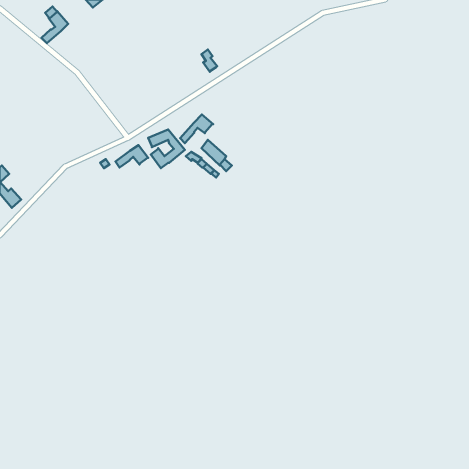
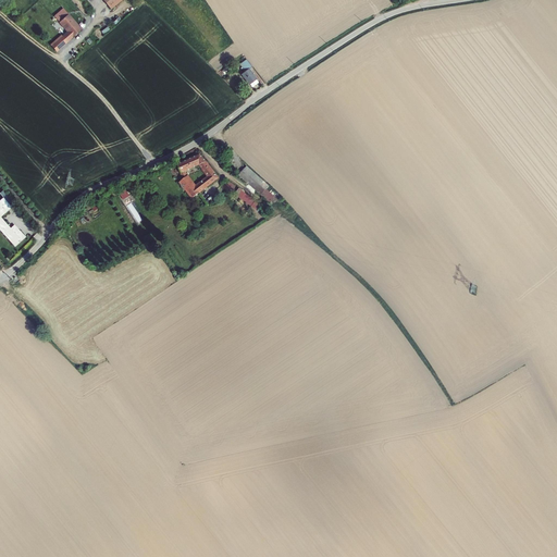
building: [180,115,213,143] -> none
building: [116,145,148,168] -> none

